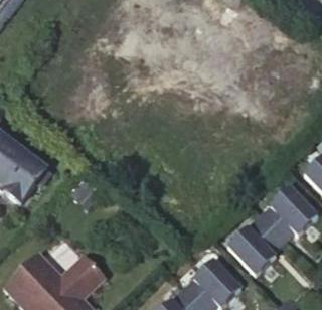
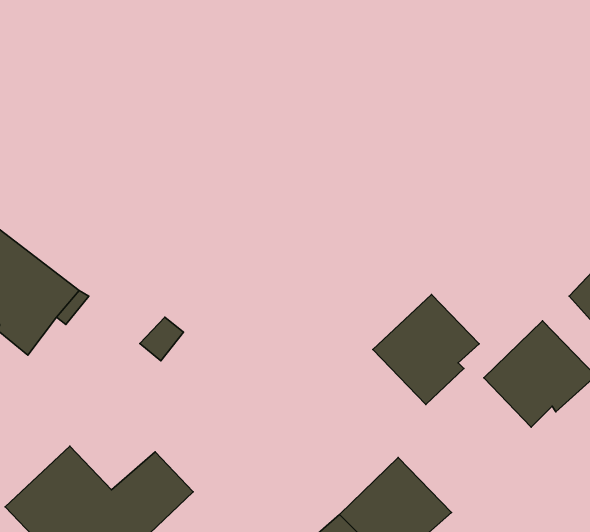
building: [226,215,283,274] -> [373,294,479,404]

